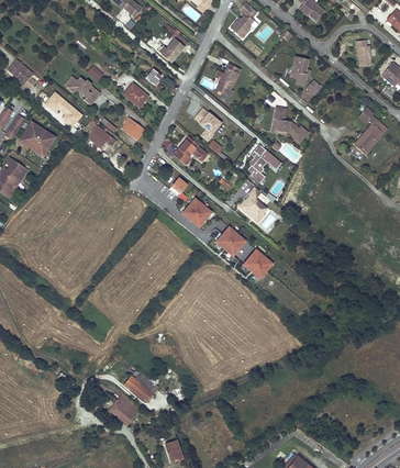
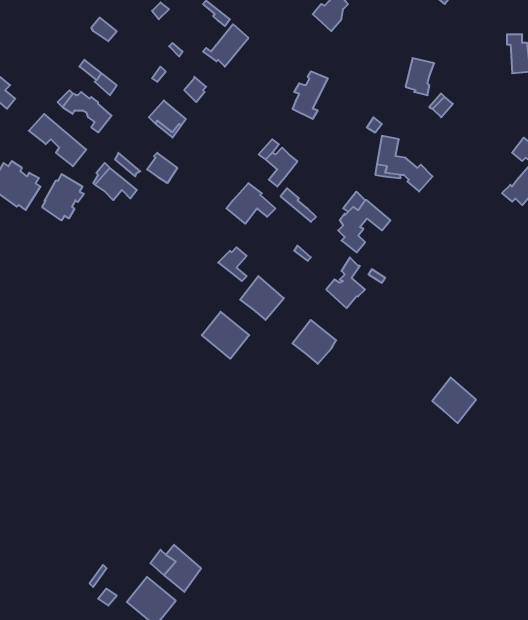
building: none -> [42,174,84,220]
building: none -> [202,312,249,359]
building: [244,248,273,278] -> [432,377,476,423]

